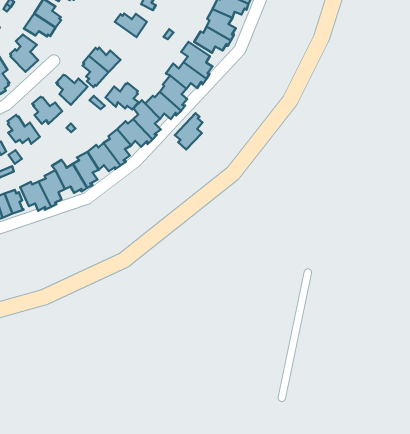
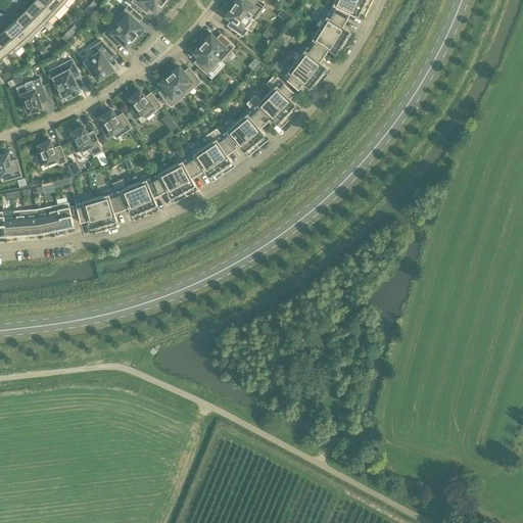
building: none -> [193,42,220,75]
building: [106,83,139,110] -> none
building: [175,113,203,150] -> none

